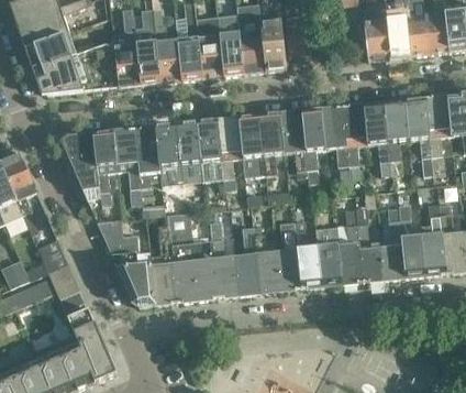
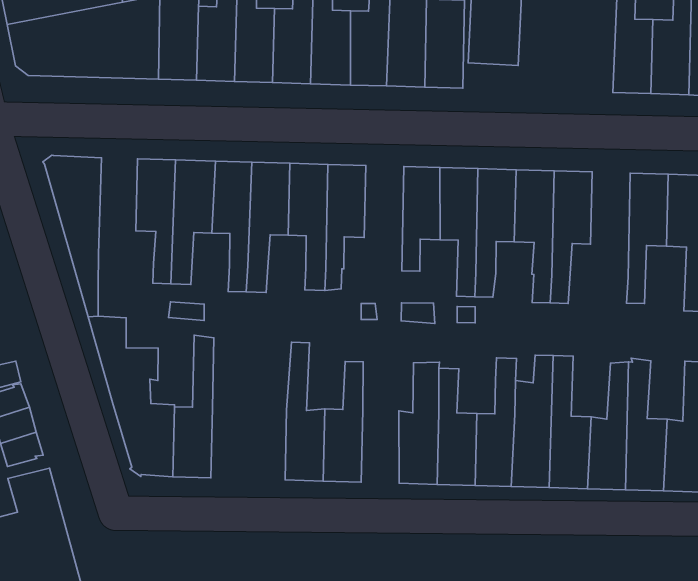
building: [363,103,391,176] -> none
building: [238,117,266,176] -> none
building: [93,132,118,205] -> none
building: [167,212,218,302] -> none
building: [252,226,280,293] -> none

